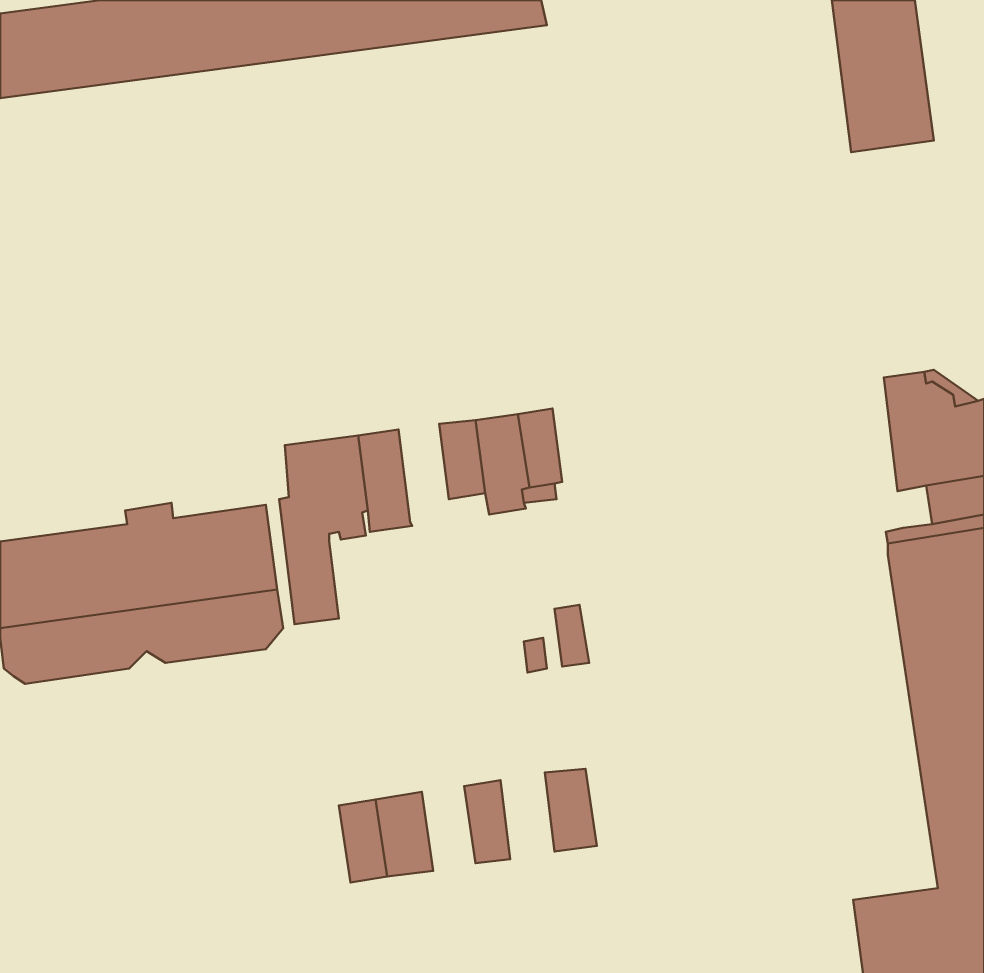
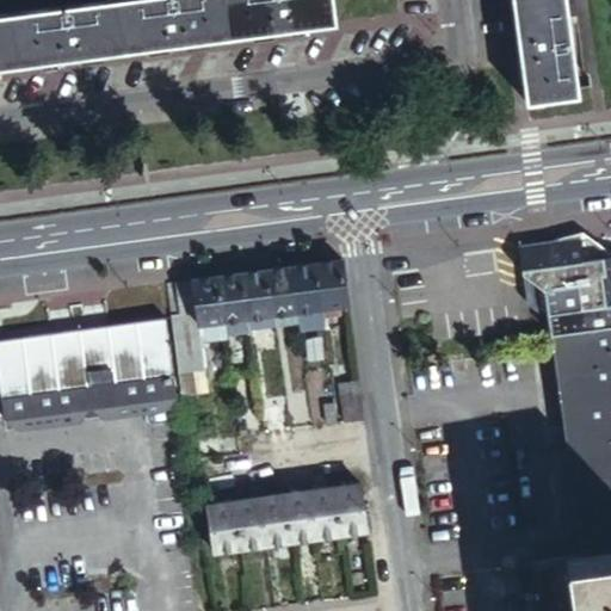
building: none -> [513,241,556,314]
building: none -> [247,270,279,331]
building: none -> [310,486,344,539]
building: none -> [261,494,295,547]

